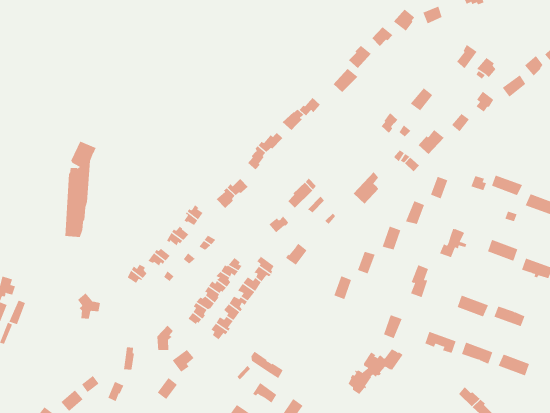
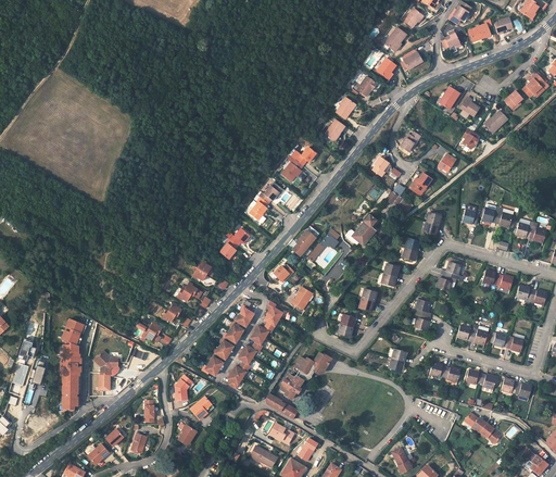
building: [65,141,96,238] -> [60,319,85,412]
building: [348,348,404,395] -> [281,352,332,399]

